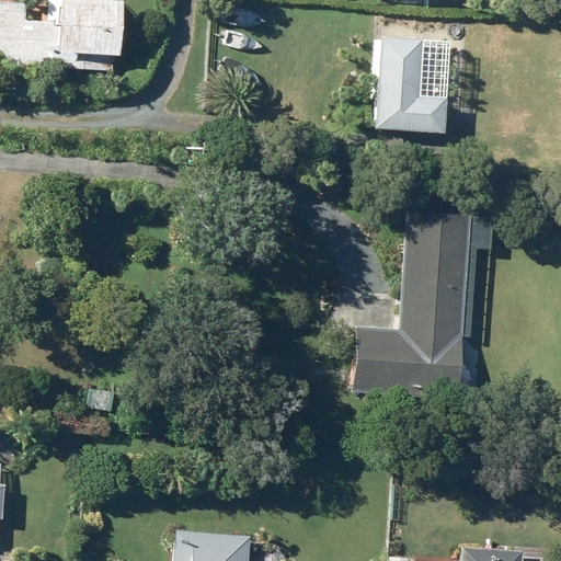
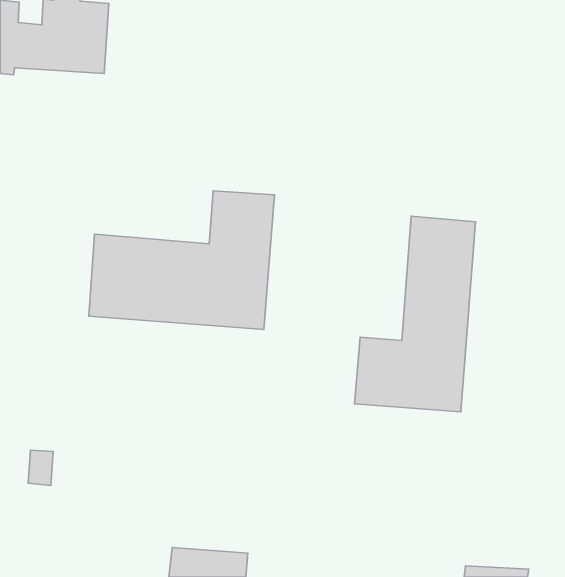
building: [374,37,444,133] -> none
building: none -> [89,191,275,330]

